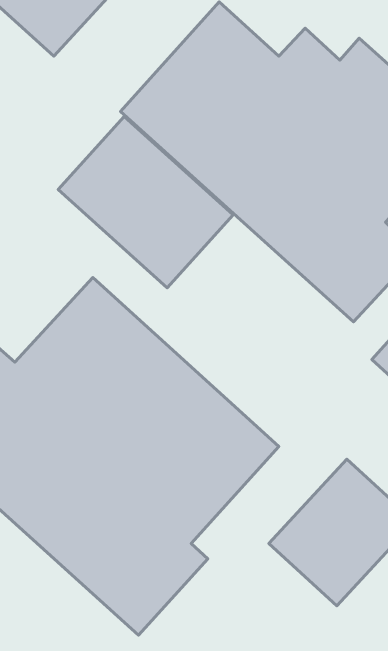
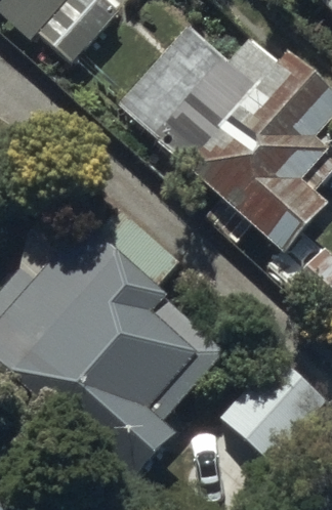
building: [58,117,233,288] -> none

